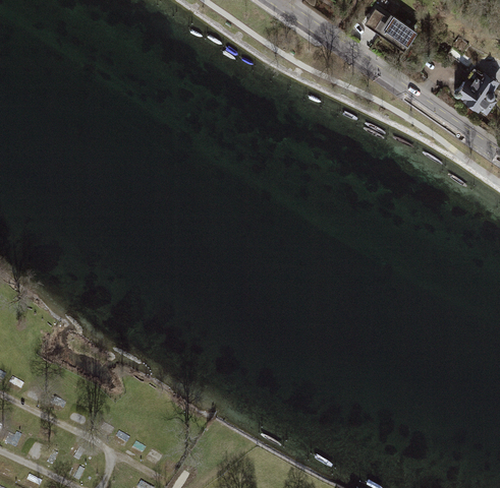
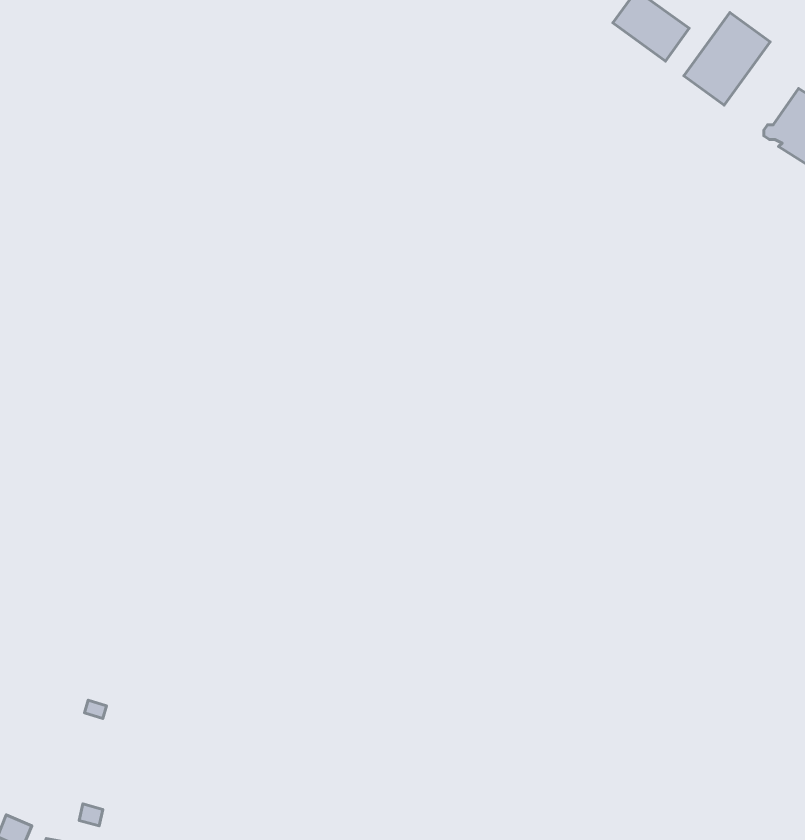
building: none -> [684,13,770,105]

